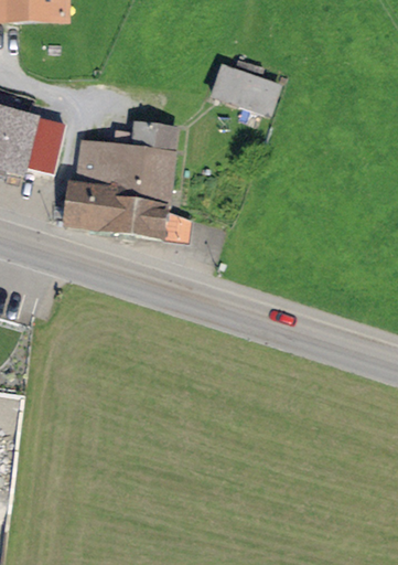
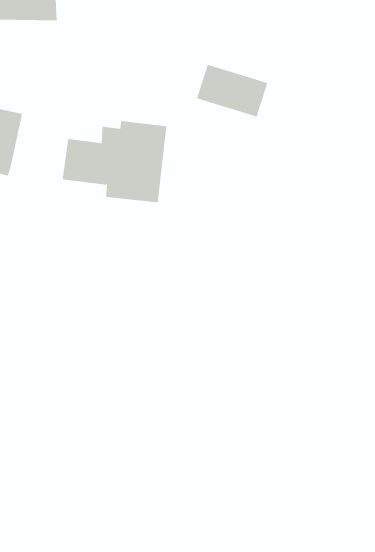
building: [26,114,64,170] -> none
building: [61,178,172,239] -> none

